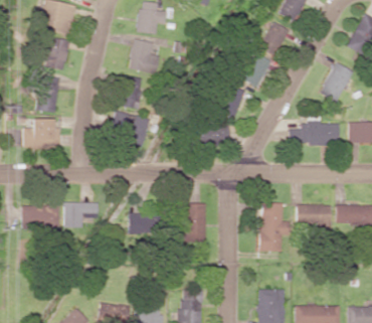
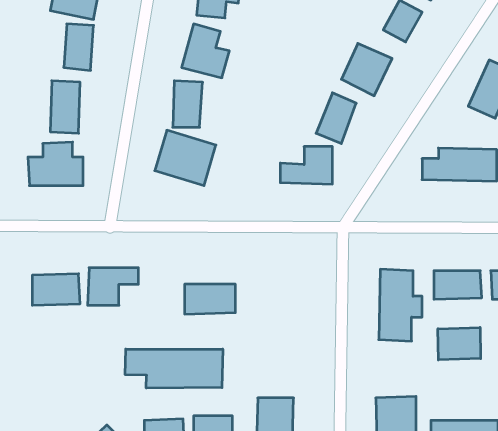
building: [183,203,207,239] -> none
building: none -> [438,327,481,360]
building: none -> [125,349,223,388]

